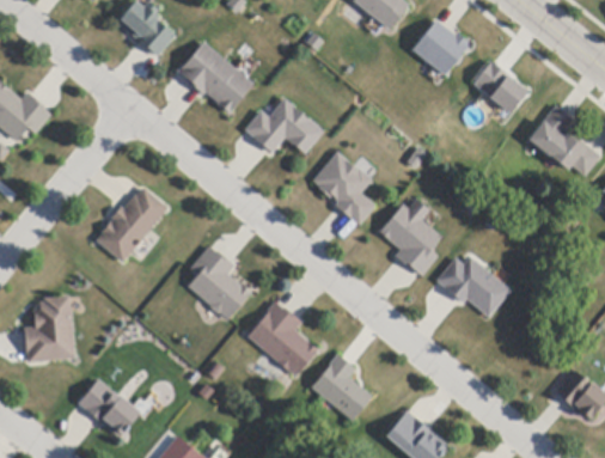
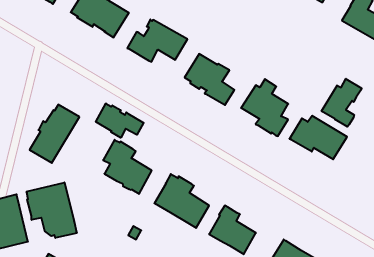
building: none -> [96,103,144,138]
building: none -> [322,79,362,127]
building: none -> [27,182,77,238]

